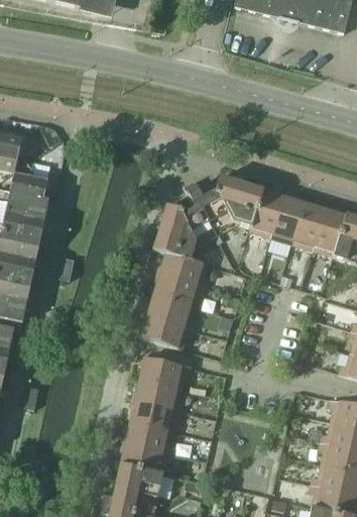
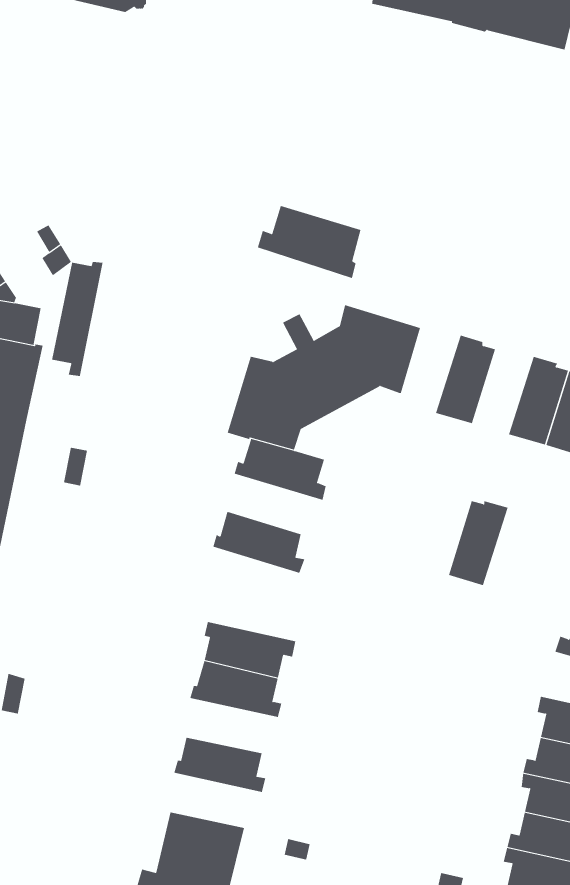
building: none -> [257,205,361,279]
building: none -> [52,261,103,377]
building: [249,188,284,237] -> none
building: [291,201,326,249] -> [448,500,509,586]
building: [152,272,207,306] -> none
building: [140,313,194,348] -> none
building: [129,399,182,430] -> none
building: [120,441,172,473] -> none

